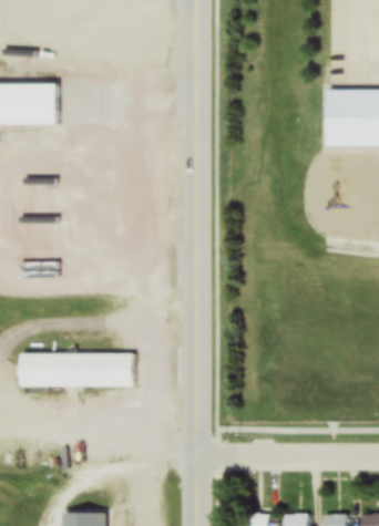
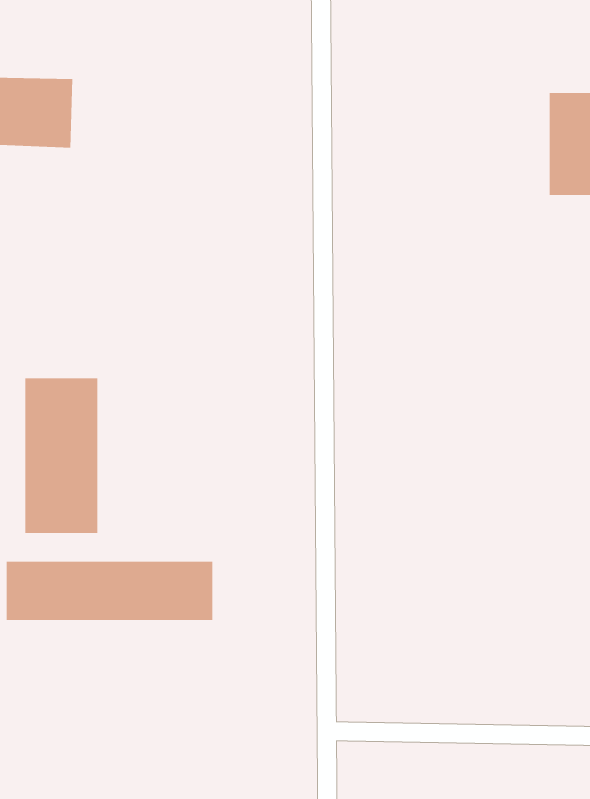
building: none -> [25,378,98,534]

